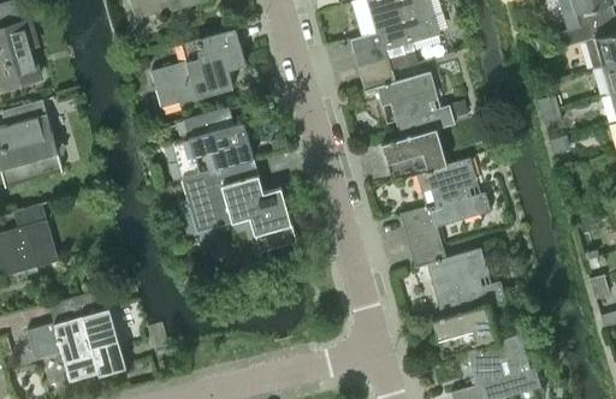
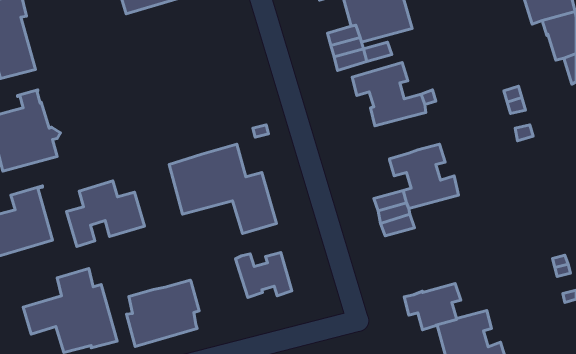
building: [150,28,245,107] -> none
building: [171,109,254,179] -> [67,181,145,247]
building: [381,129,446,178] -> none
building: [427,248,505,317] -> none
building: none -> [236,252,292,297]
building: none -> [127,280,199,346]

